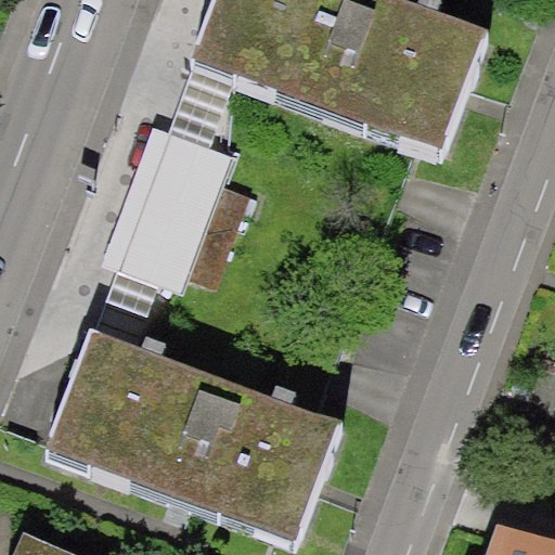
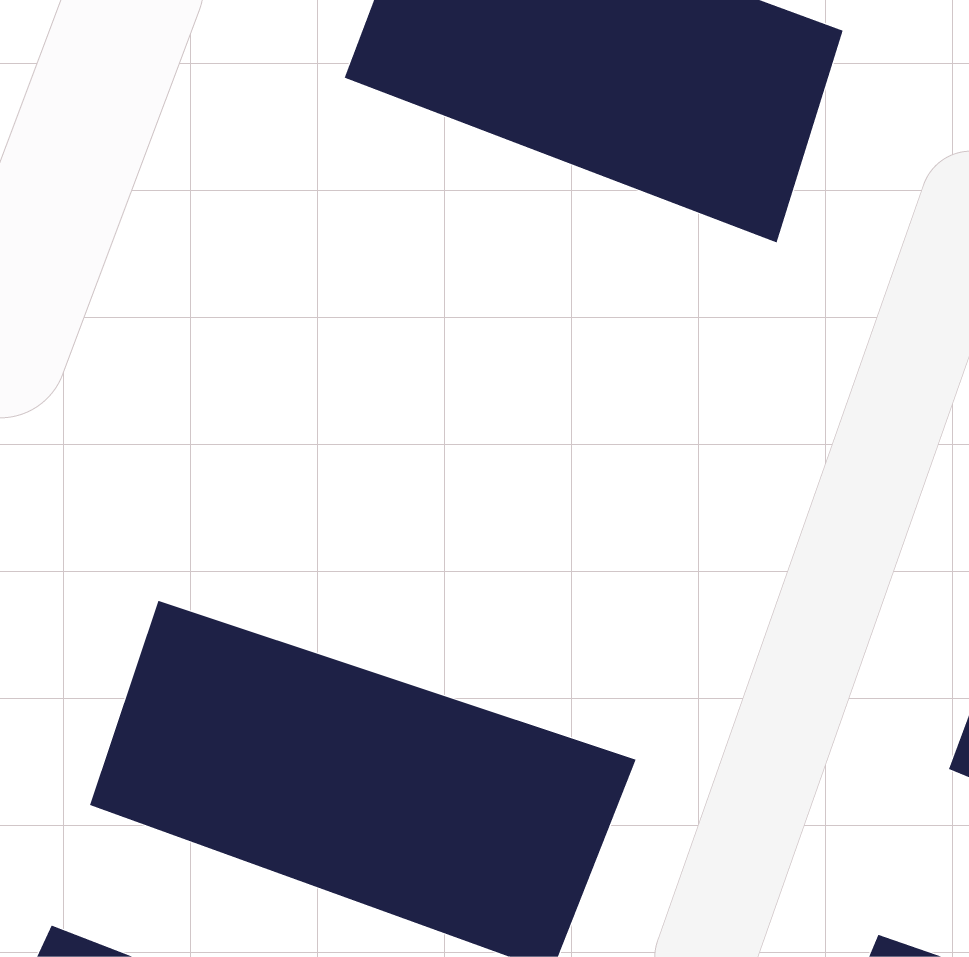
building: [104,119,234,285] -> none

